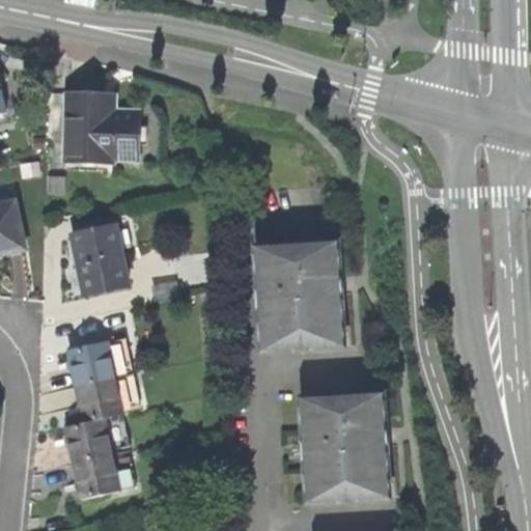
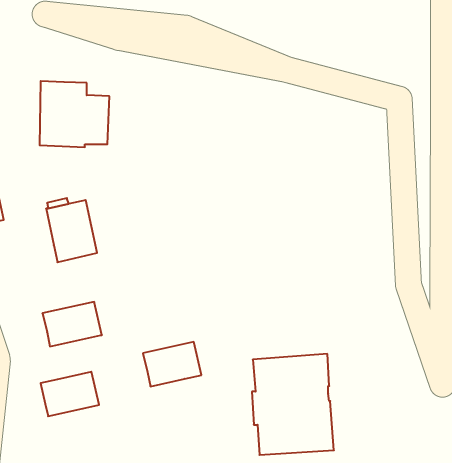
building: [251,240,341,351] -> none
building: [75,371,139,420] -> [143,342,201,386]
building: [73,452,118,495] -> none

